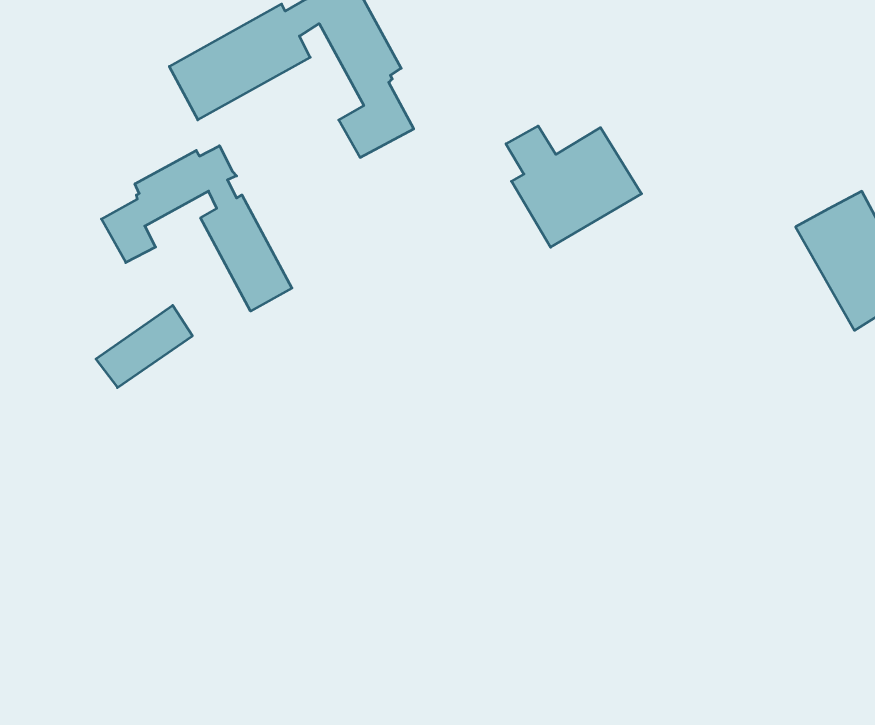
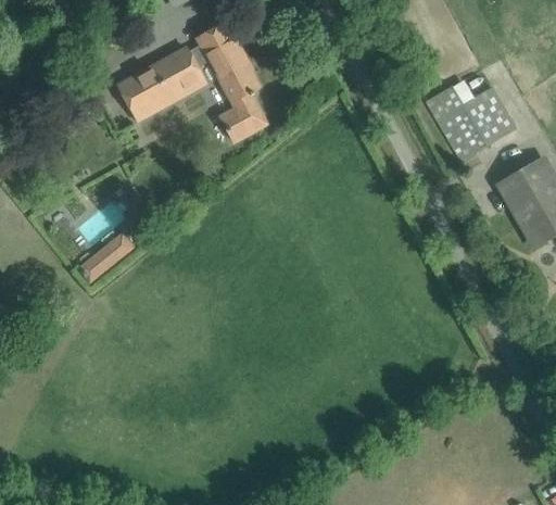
building: [506,126,642,247] -> [433,87,516,161]
building: [101,146,292,311] -> none

